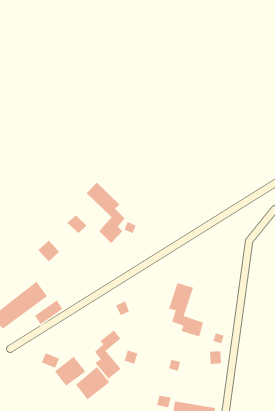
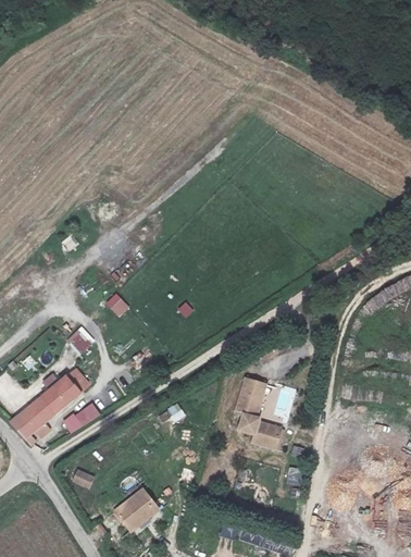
building: [86,182,125,244] -> none
building: [94,329,122,379] -> none
building: [54,356,86,386] -> none

